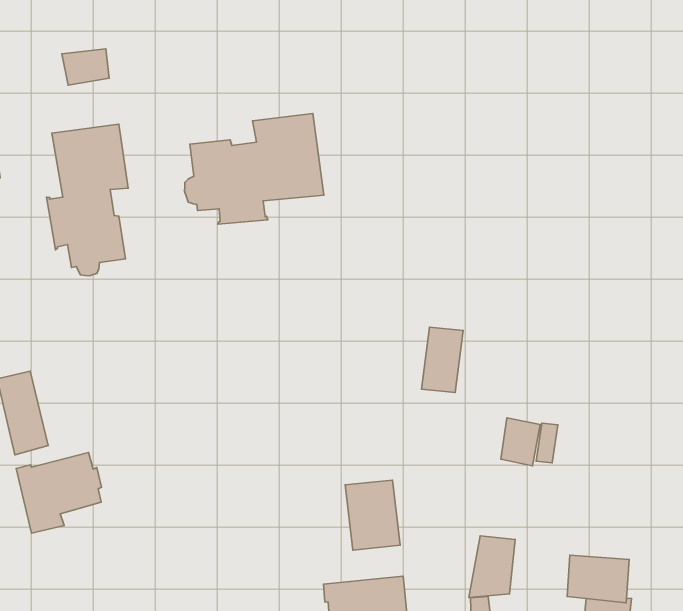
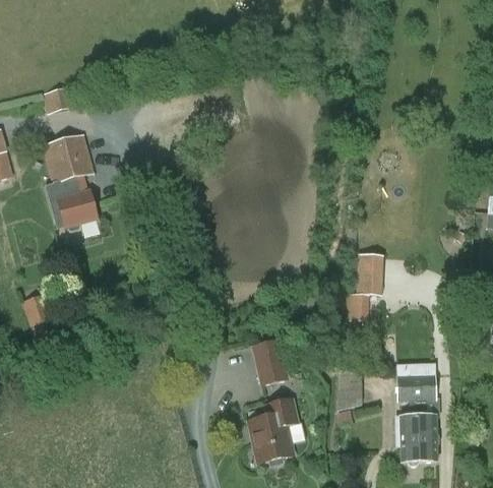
building: [185,114,324,224] -> none
building: [422,327,463,393] -> [361,251,383,291]
building: [16,452,102,533] -> none

